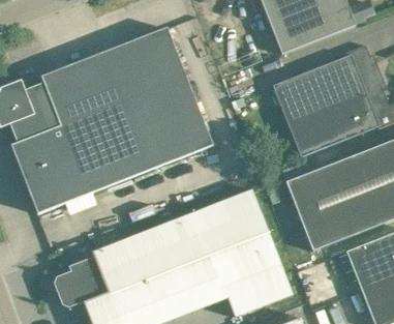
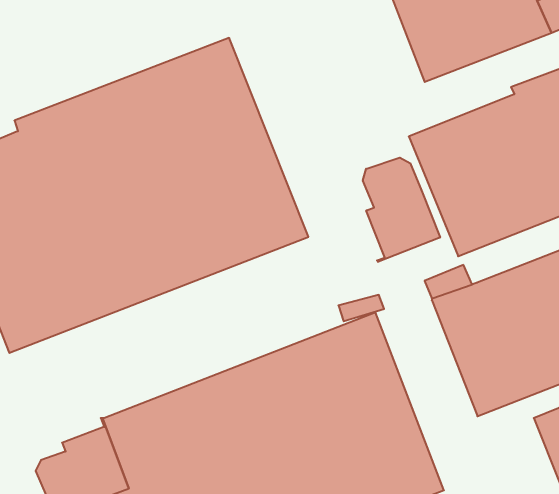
building: none -> [363,158,440,262]

